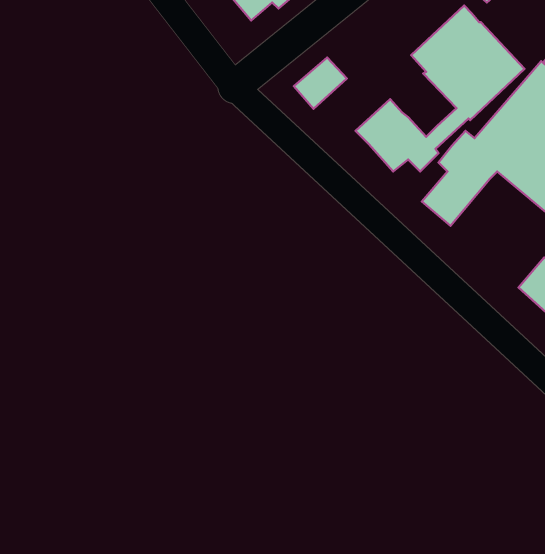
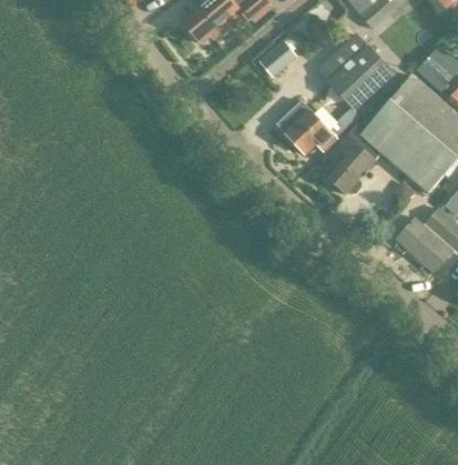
building: [294,58,347,109] -> [258,40,297,78]

